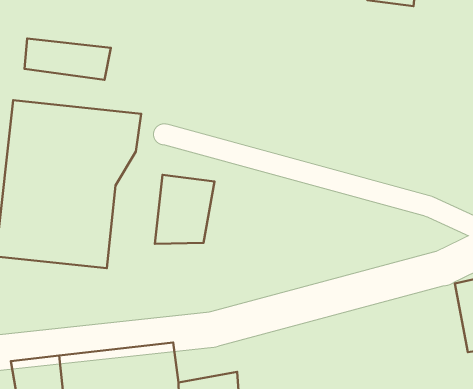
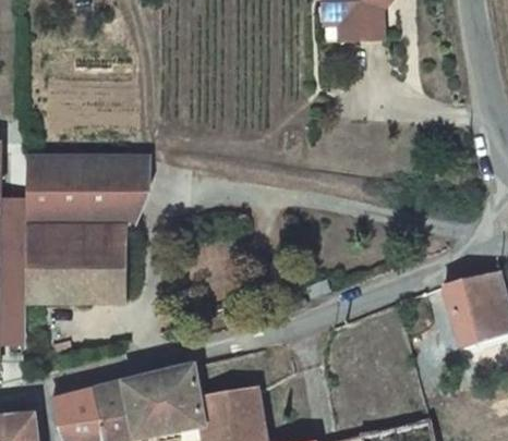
building: [25,38,111,80] -> none
building: [155,175,215,244] -> none

